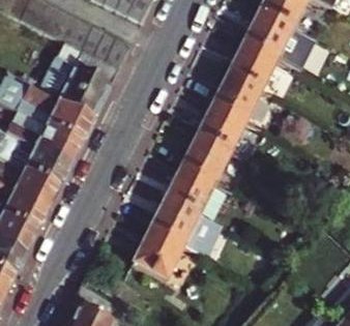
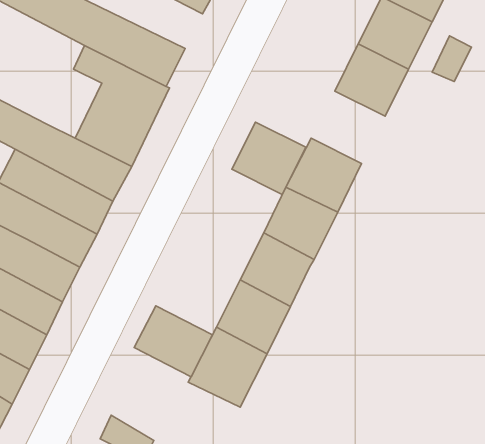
building: [38,58,75,103] -> none
building: [212,72,261,120] -> [232,122,306,194]
building: none -> [134,306,213,377]

